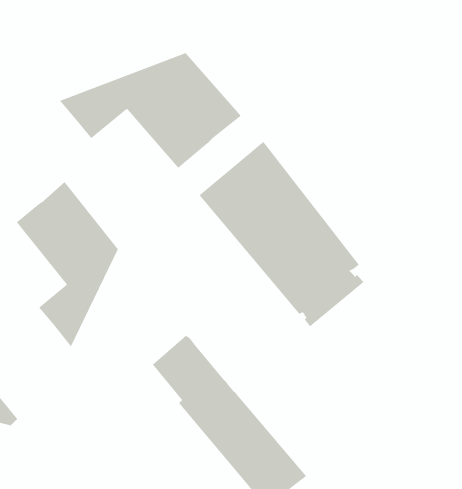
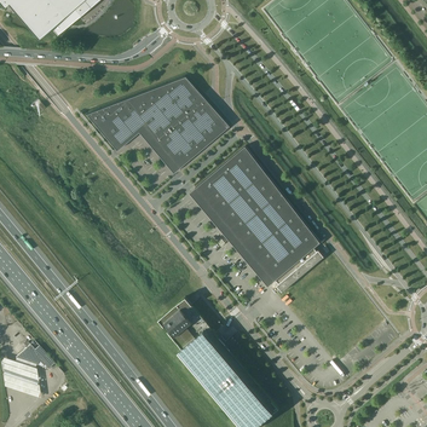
building: [16,181,119,348] -> none

